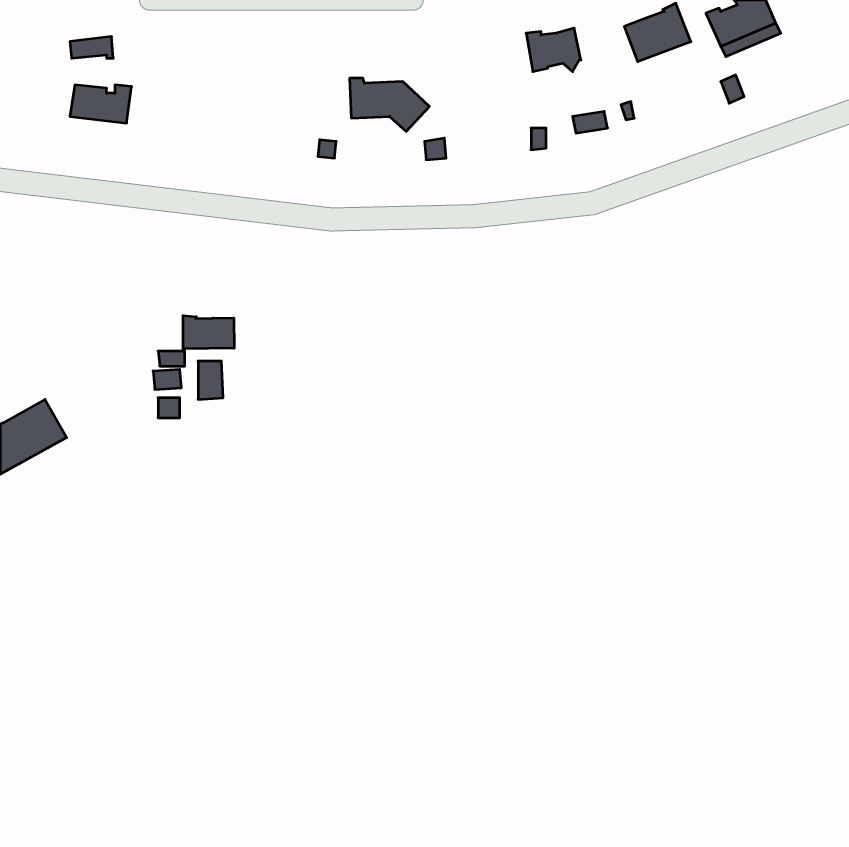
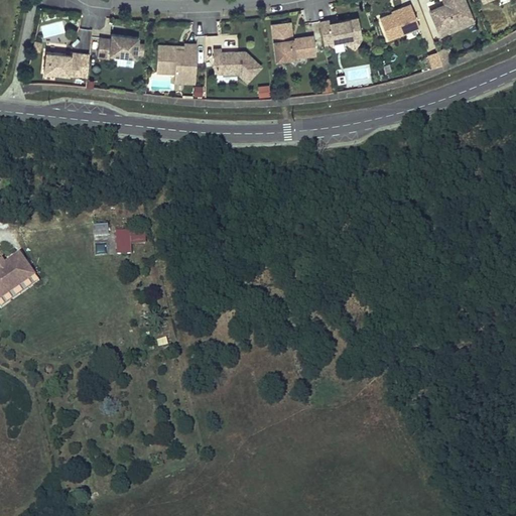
building: none -> [271,22,316,60]
building: none -> [97,34,138,58]
building: none -> [156,43,197,78]
building: [183,316,234,349] -> none

